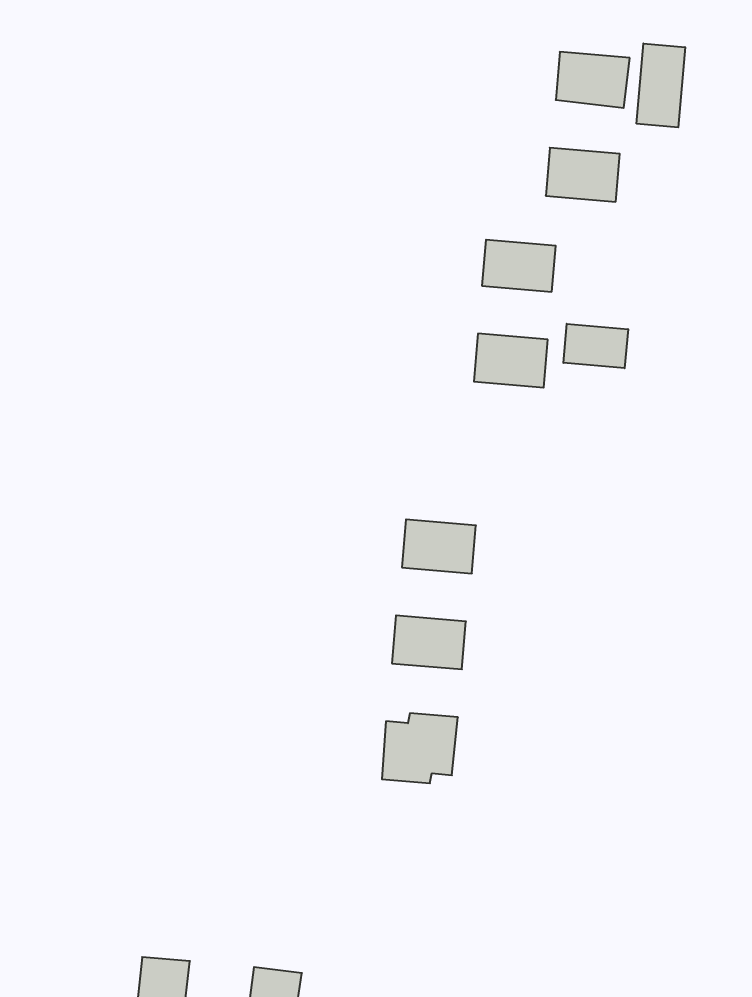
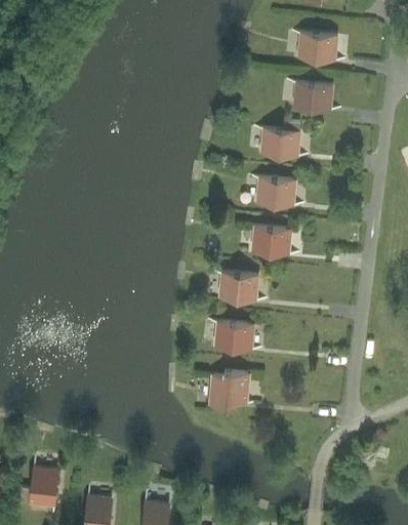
building: [637,43,685,127] -> none
building: [563,324,628,368] -> none
building: none -> [252,226,291,253]
building: none -> [18,468,57,506]

